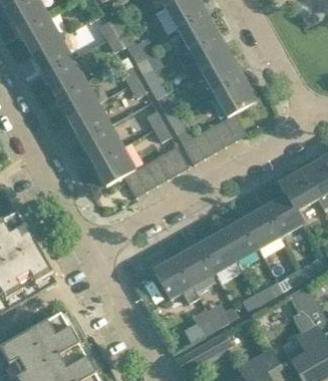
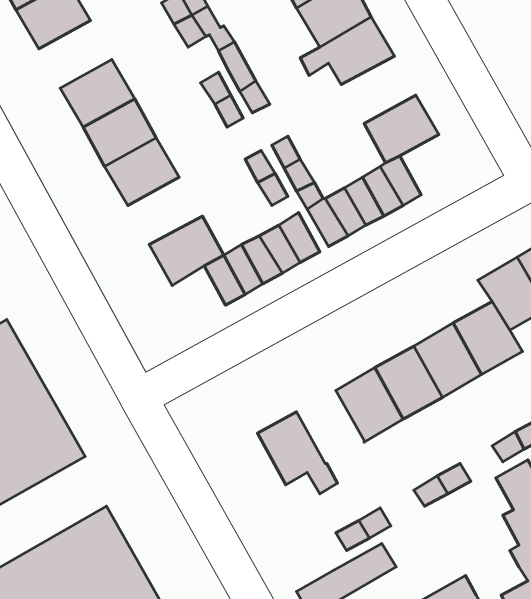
building: [30,36,71,74] -> none
building: [201,56,243,94] -> none
building: [80,124,122,162] -> none
building: [176,245,214,286] -> none

